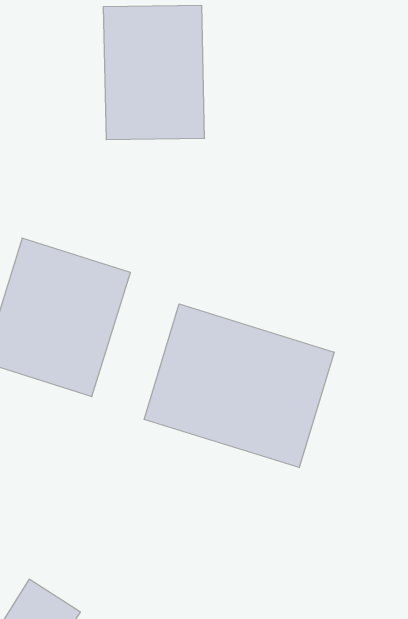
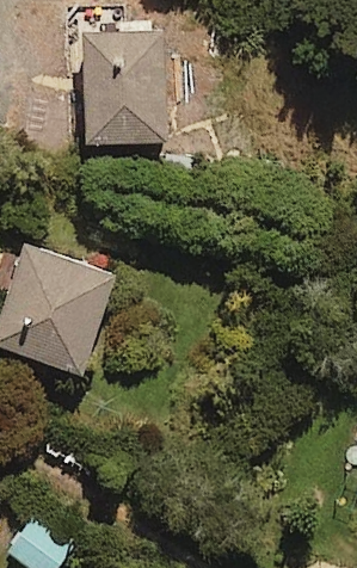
building: [144,304,334,468] -> none

